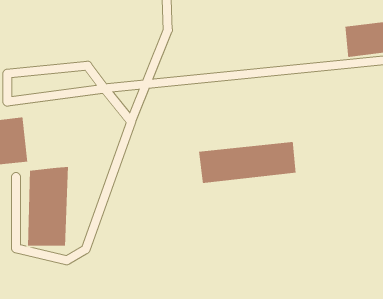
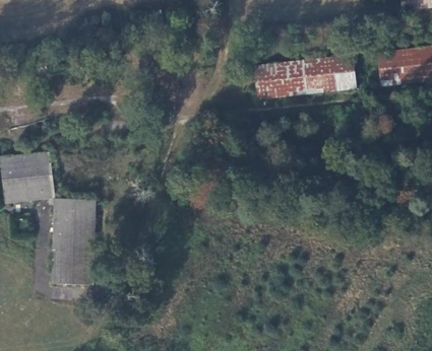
building: [198,141,296,184] -> [250,55,351,98]

